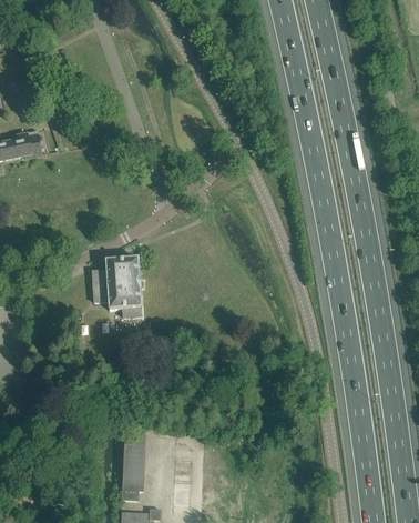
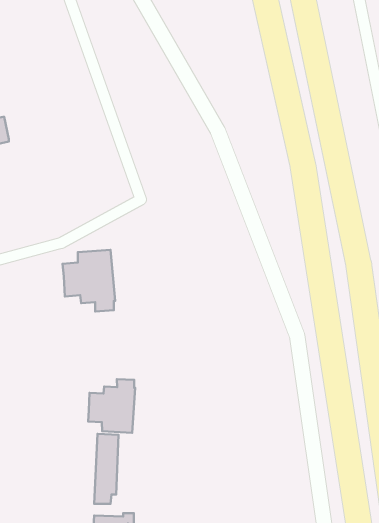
building: none -> [88,379,135,433]

